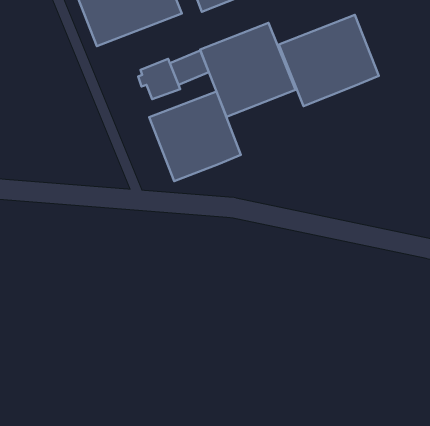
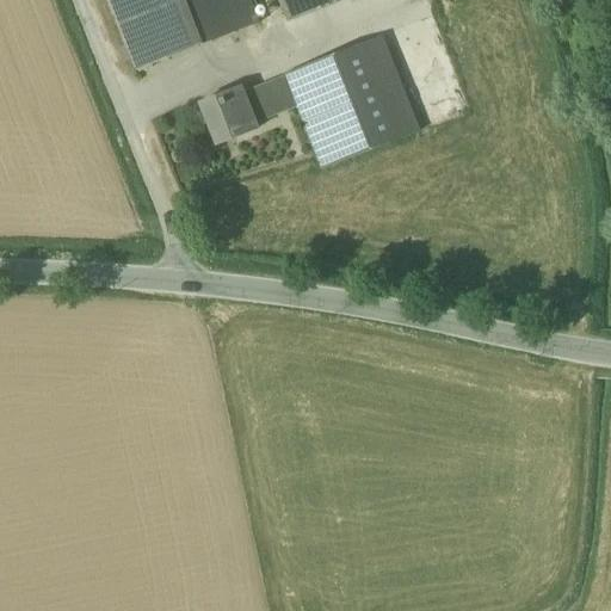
building: [279,15,379,106] -> none
building: [149,92,241,181] -> none

